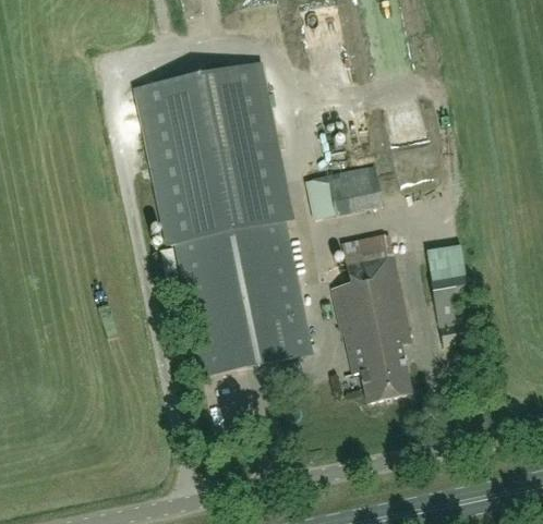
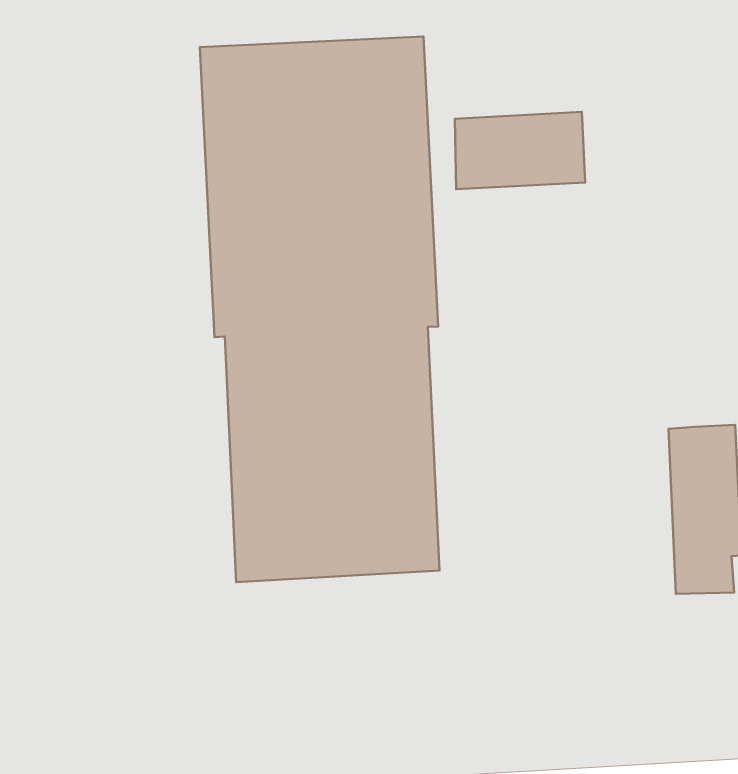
building: [306,166,383,218] -> [455,112,585,189]
building: [331,233,424,402] -> none

